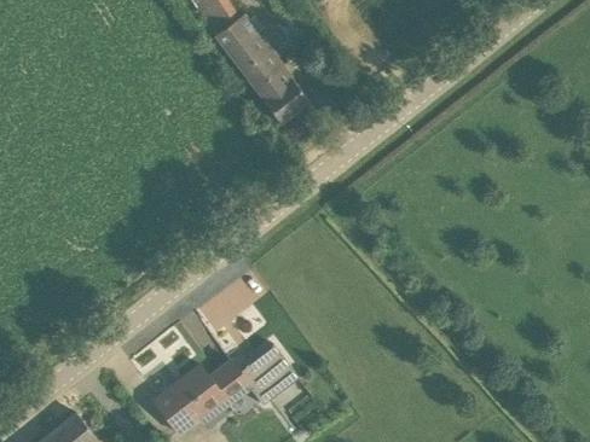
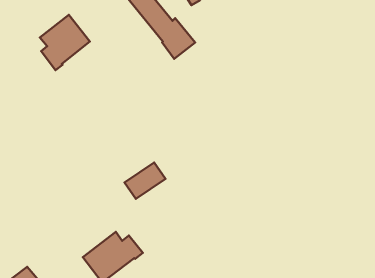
building: none -> [40,15,90,70]
building: [218,343,297,405] -> none

